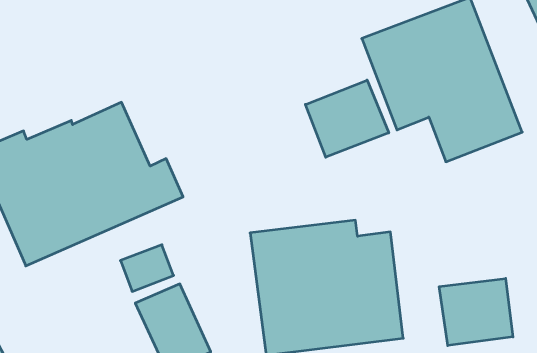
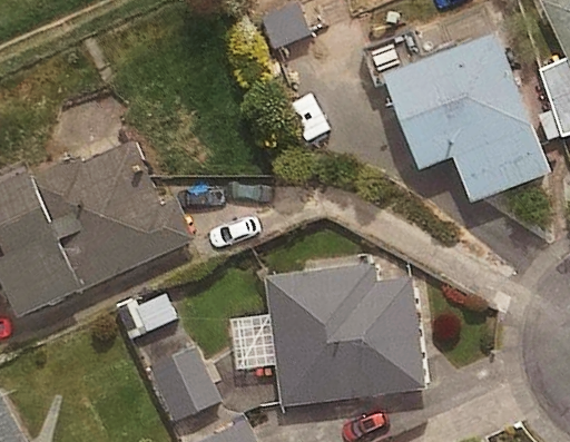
building: [305,80,389,157] -> none
building: [439,278,513,346] -> none

